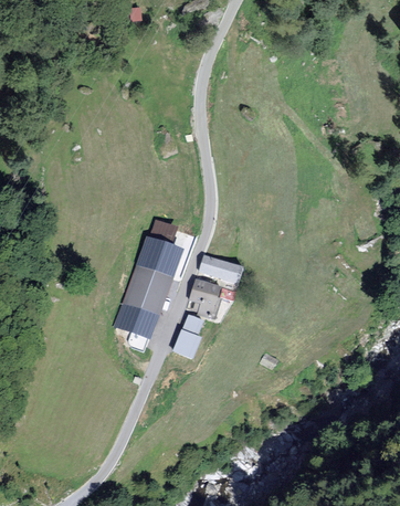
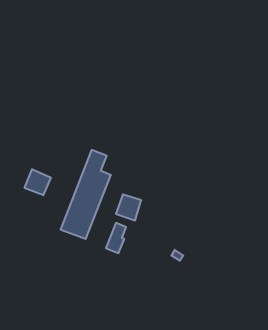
building: none -> [25,169,51,195]
building: [200,254,242,282] -> none

